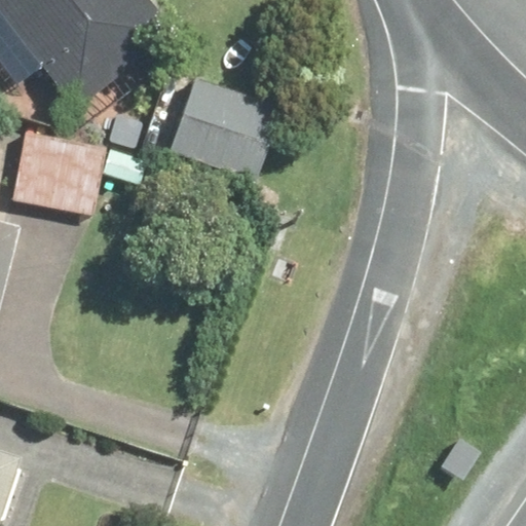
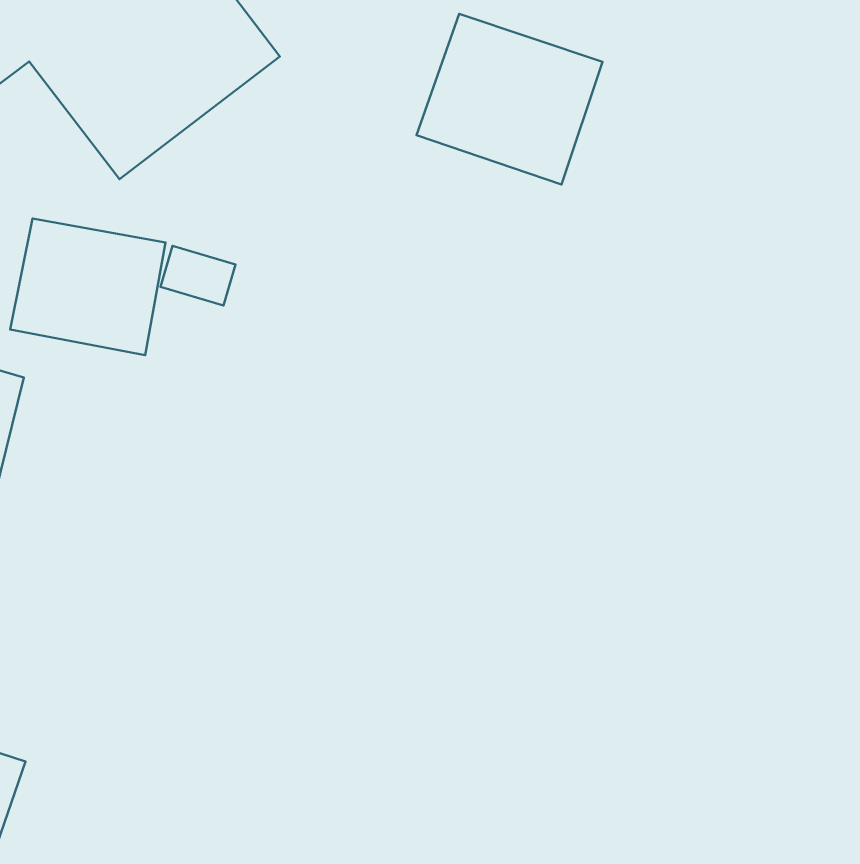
building: [164,77,276,180] -> [417,14,603,185]

